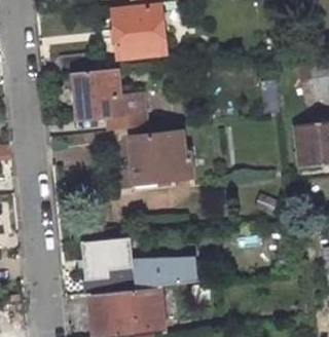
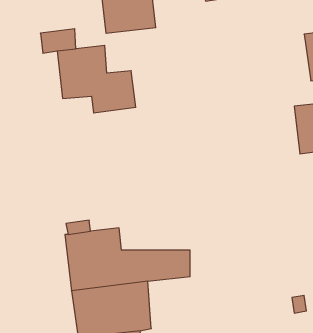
building: [132,133,190,181] -> none

